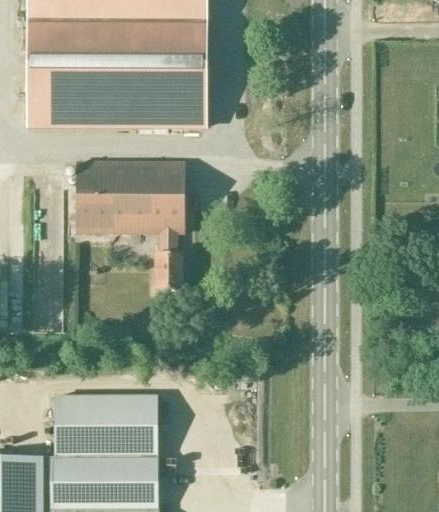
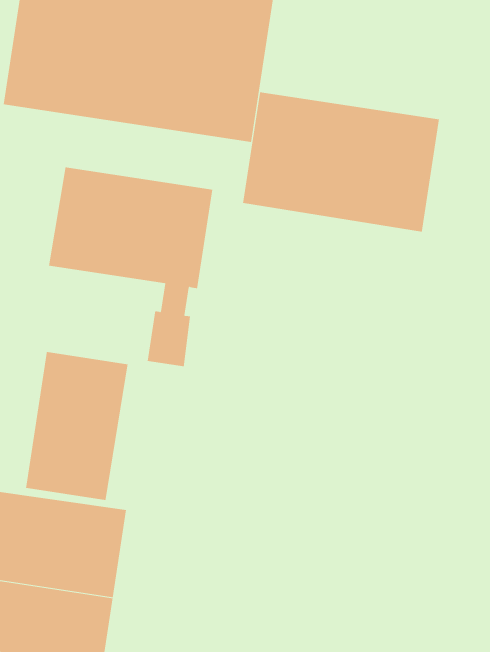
building: none -> [243,91,439,233]
building: none -> [25,351,128,501]

